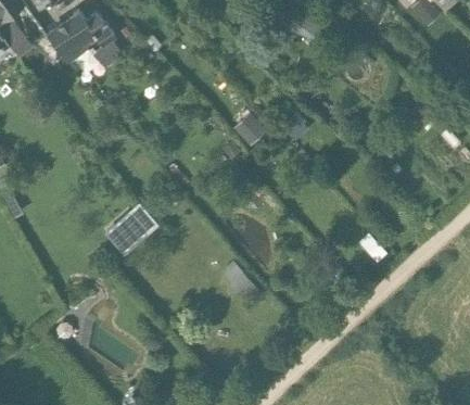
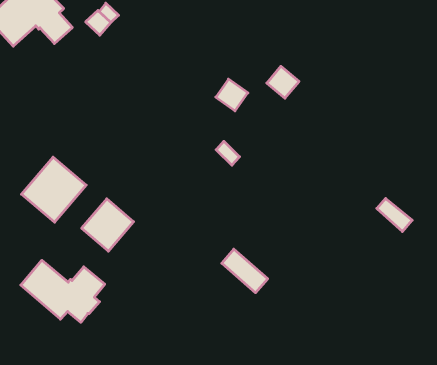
building: none -> [21,157,86,222]
building: none -> [21,260,105,322]

